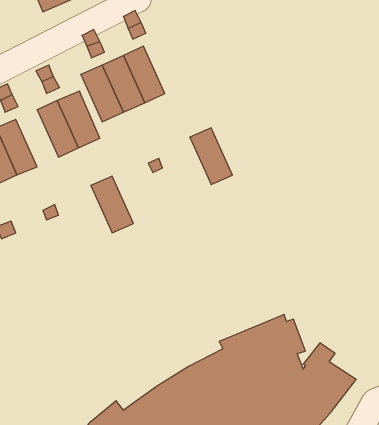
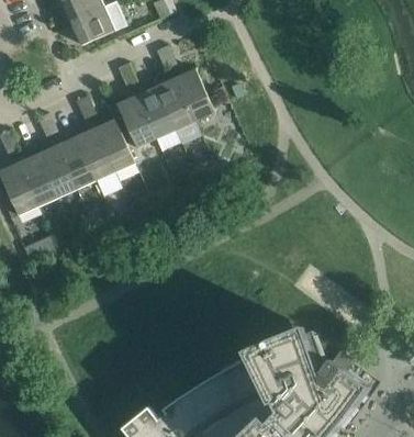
building: [190,128,232,185] -> [174,69,213,122]
building: [91,176,133,233] -> [55,137,94,190]

